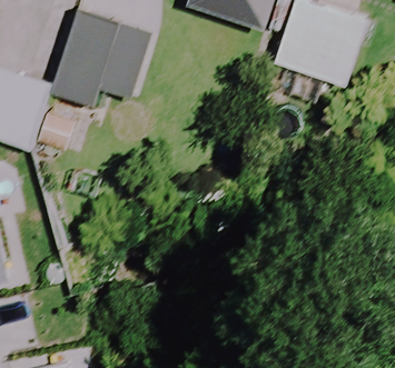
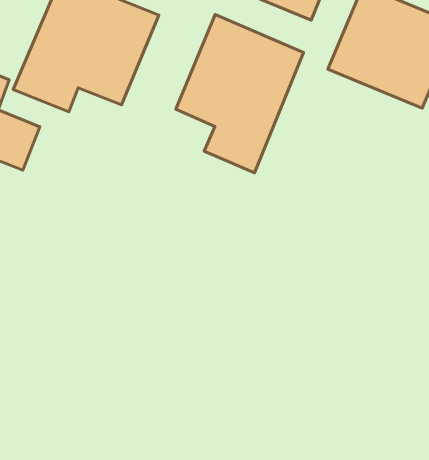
building: none -> [176,15,304,173]

